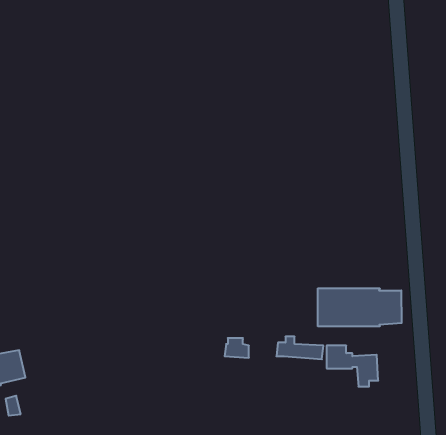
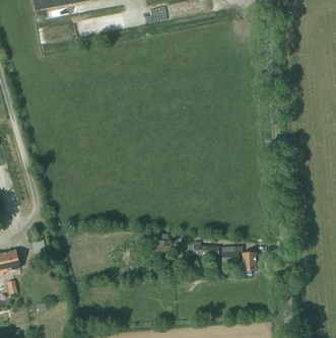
building: [318,288,402,326] -> none

